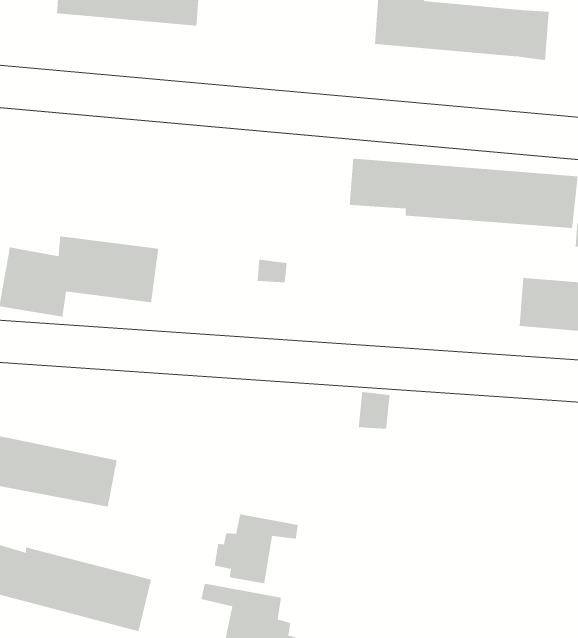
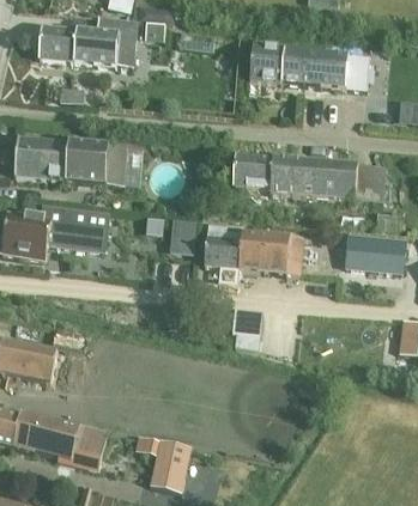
building: none -> [14,136,141,185]
building: none -> [204,222,302,285]
building: [214,514,299,584] -> none

